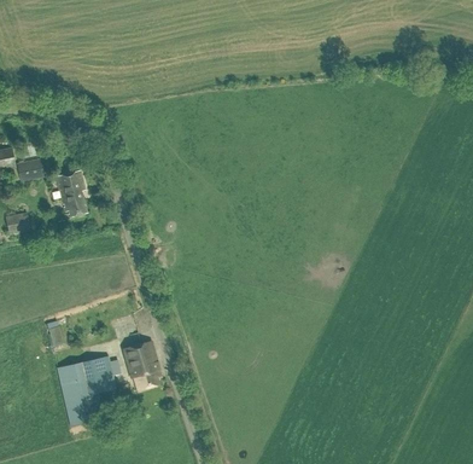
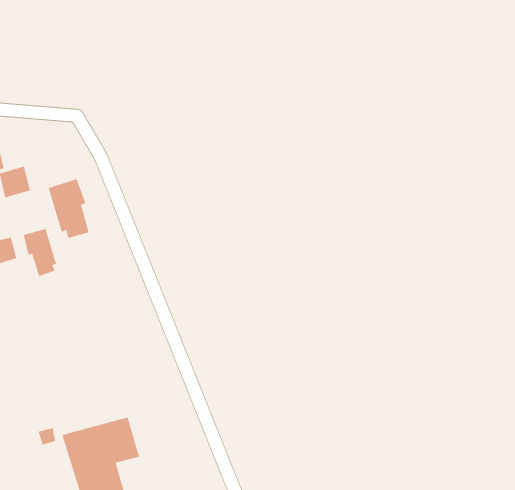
building: none -> [23,228,57,277]
building: [123,340,159,390] -> none

